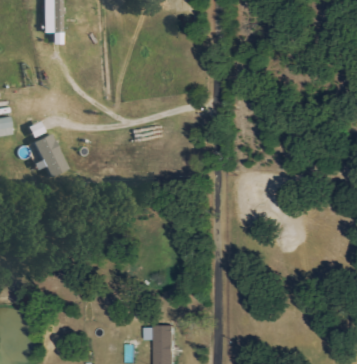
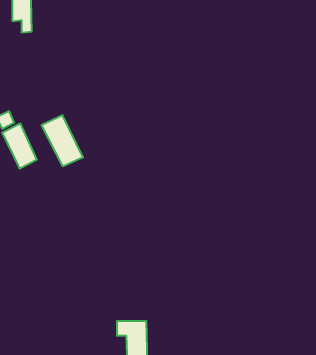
building: none -> [42,115,83,166]

